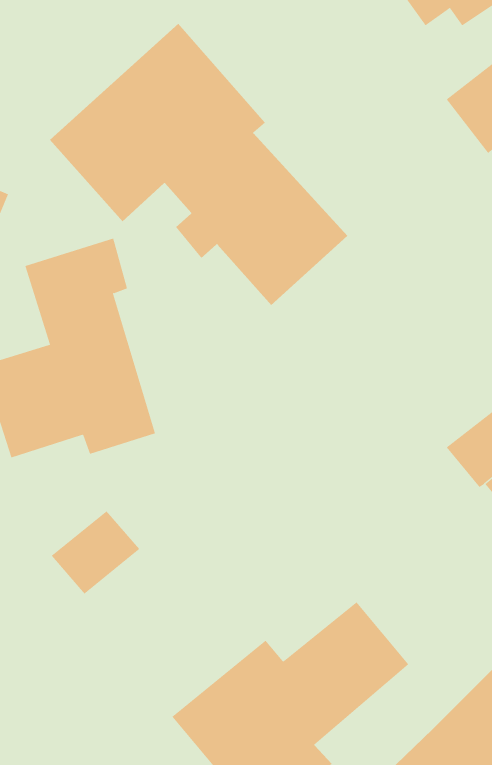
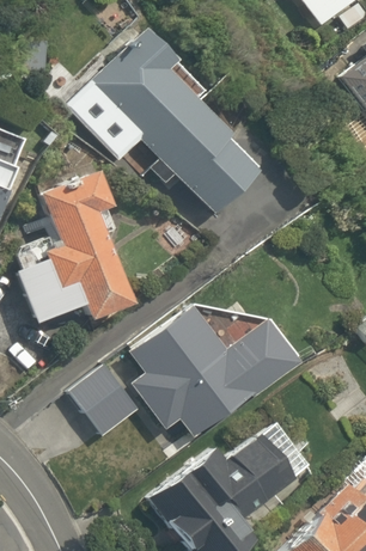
building: none -> [128,306,300,439]

